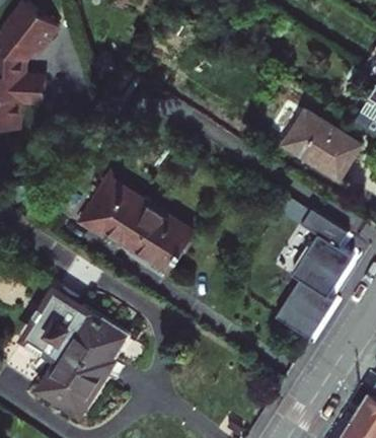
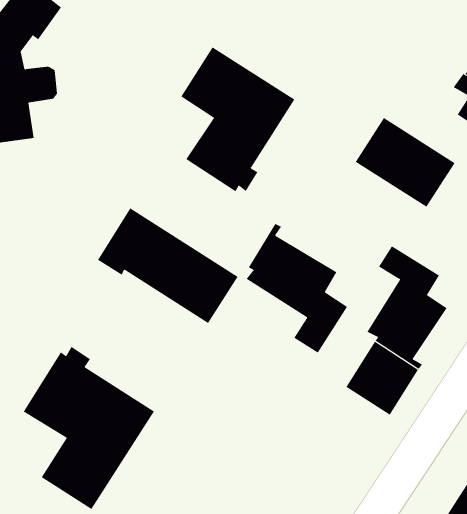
building: none -> [180,46,295,192]
building: none -> [246,223,348,354]

